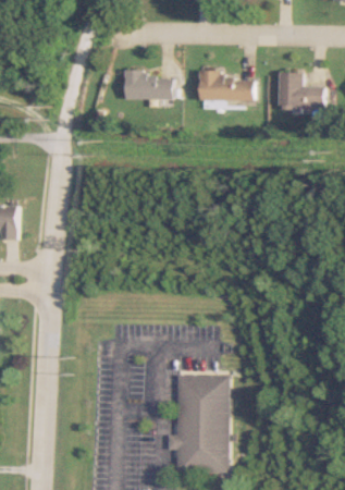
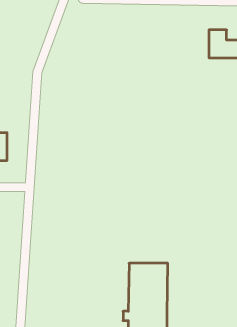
building: [125,69,171,99] -> none
building: [200,74,251,100] -> none

